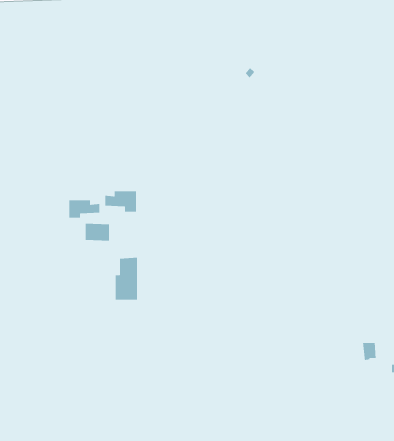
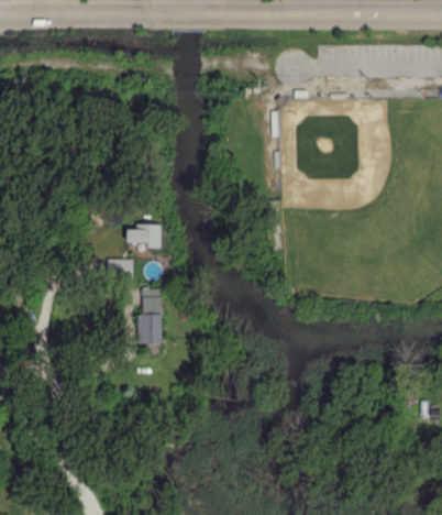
building: [69,200,100,219] -> none

